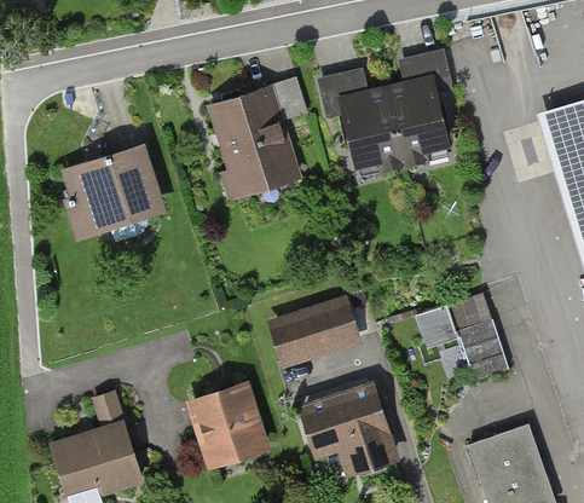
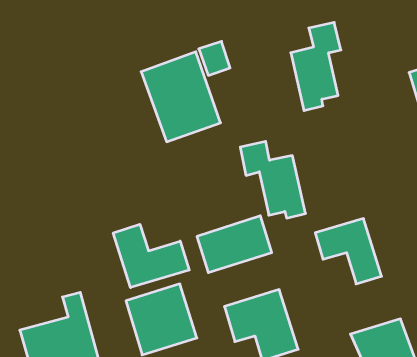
building: [323,69,406,167] -> [240,141,306,218]
building: [57,143,163,235] -> none
building: none -> [113,224,189,288]

